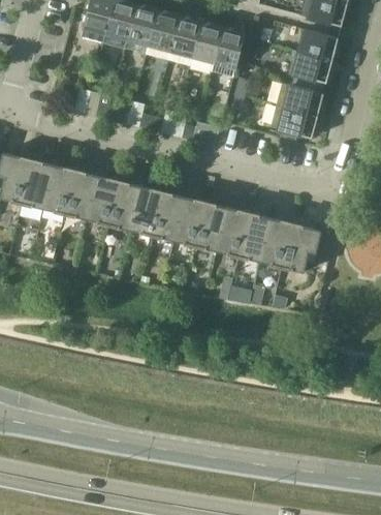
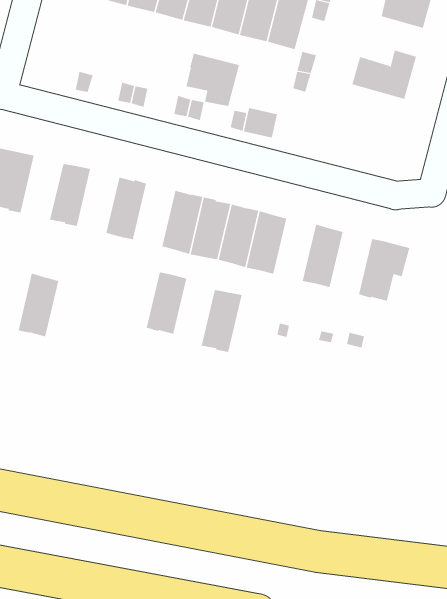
building: [290,52,332,90] -> none
building: none -> [186,53,240,107]
building: [271,104,318,140] -> none
building: [22,159,54,209] -> [18,273,59,337]
building: [65,170,97,219] -> none
building: [108,181,140,230] -> [146,272,187,335]
building: [217,208,249,256] -> [201,290,242,352]
building: [260,218,292,267] -> none

